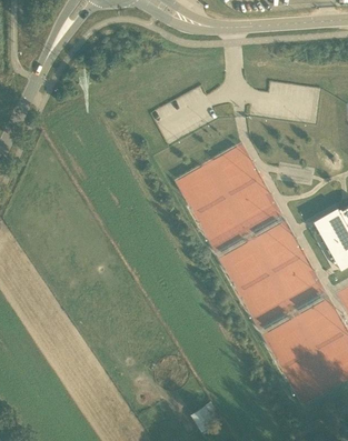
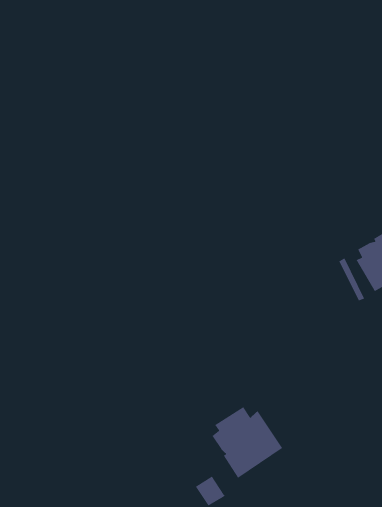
building: none -> [211,406,283,479]

